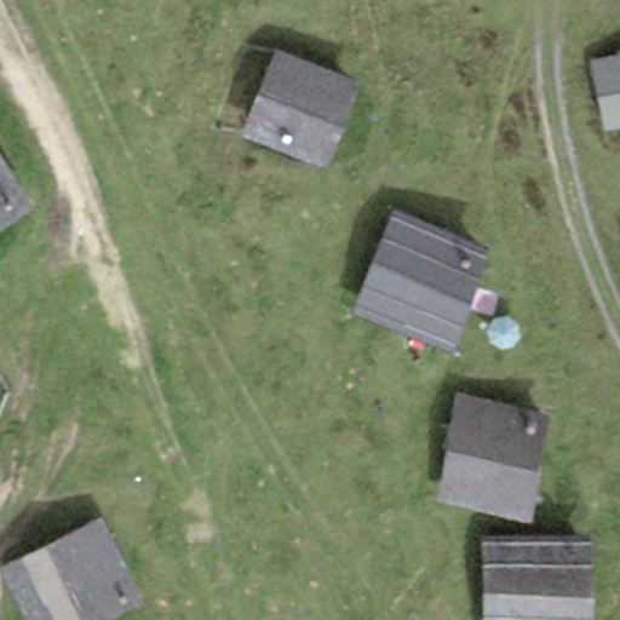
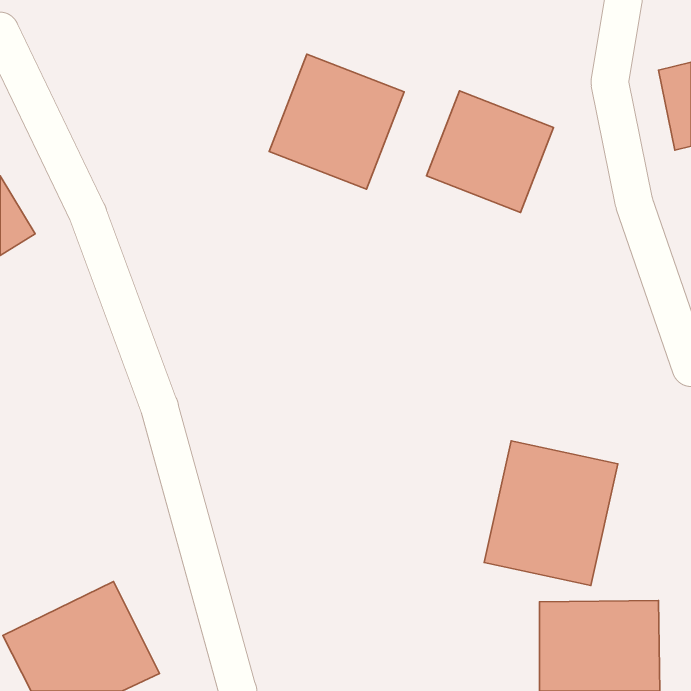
building: none -> [427,91,553,212]
building: [352,211,493,351] -> none

